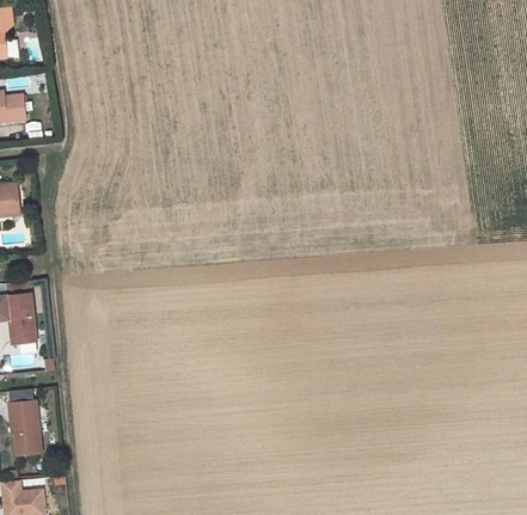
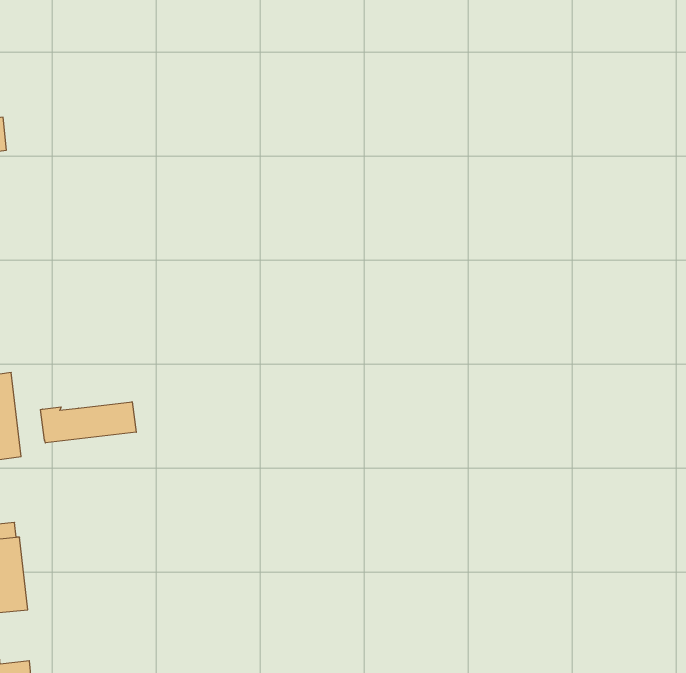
building: none -> [40,402,136,443]

